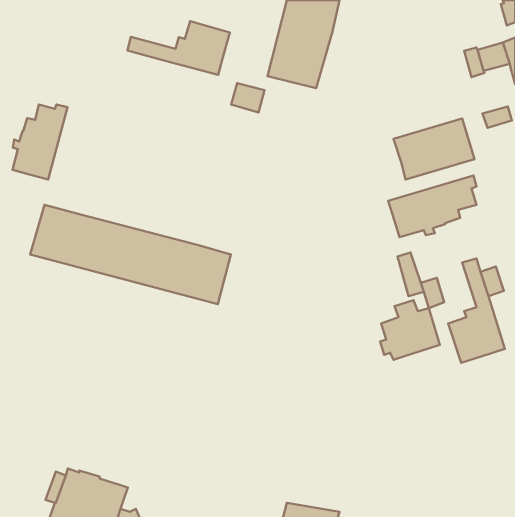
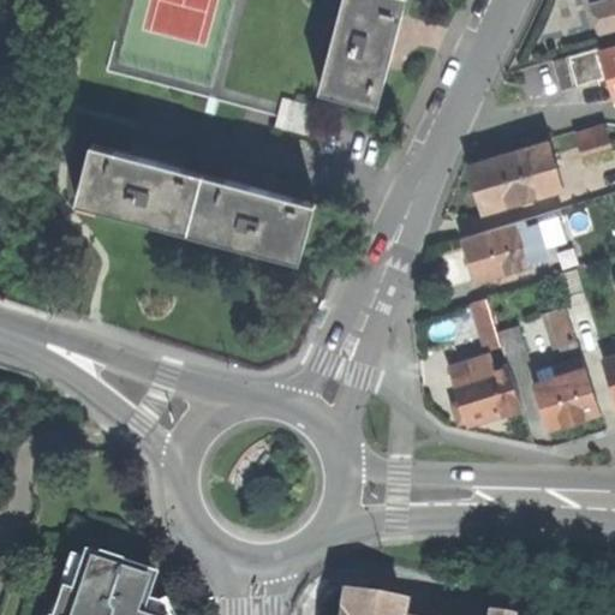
building: [128,21,230,75] -> none
building: [12,104,67,180] -> none
building: [30,205,231,304] -> [73,147,311,264]

